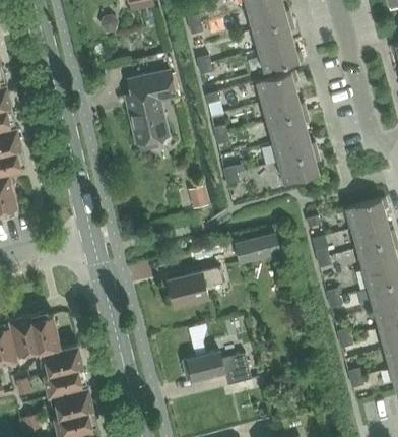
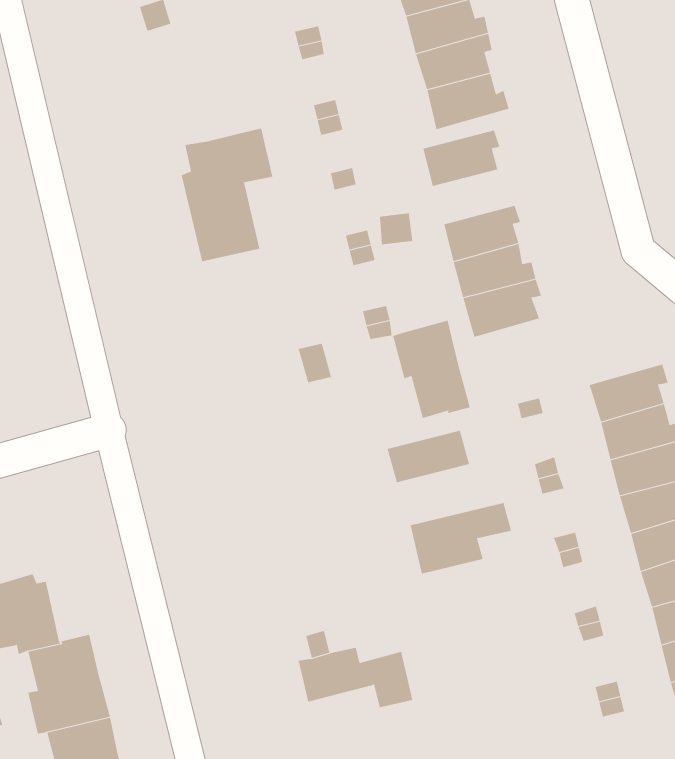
building: [260,93,305,123] -> none
building: none -> [392,320,470,419]
building: [169,266,223,305] -> [410,502,512,574]

